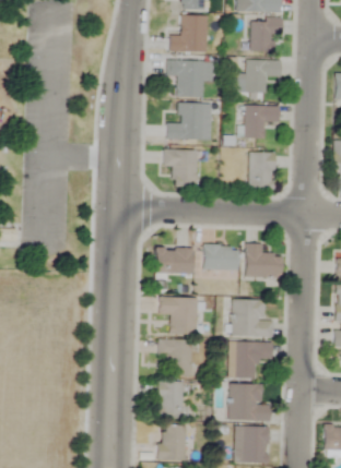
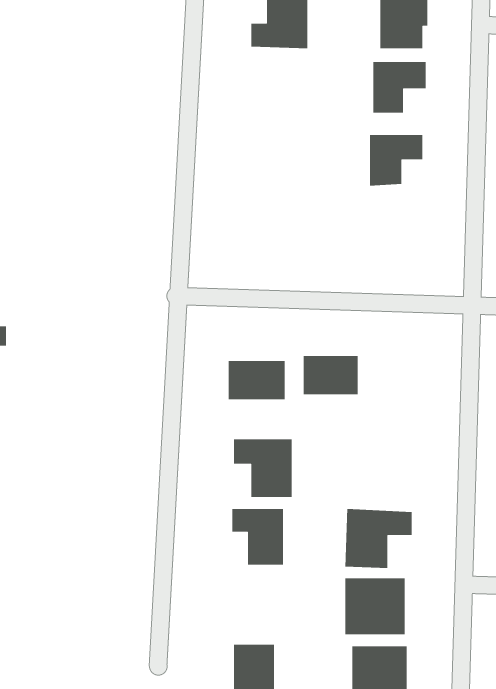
building: [166,60,213,97] -> none
building: [167,103,203,139] -> none
building: [164,149,198,187] -> none
building: [249,152,274,189] -> none
building: [246,243,282,276] -> none
building: [233,300,273,337] -> none
building: [158,382,184,418] -> none

